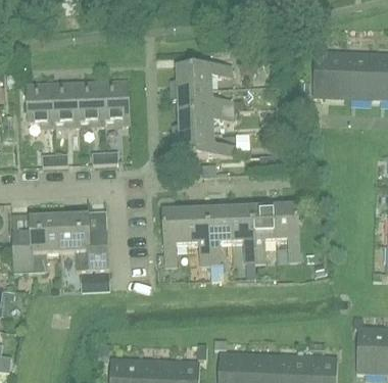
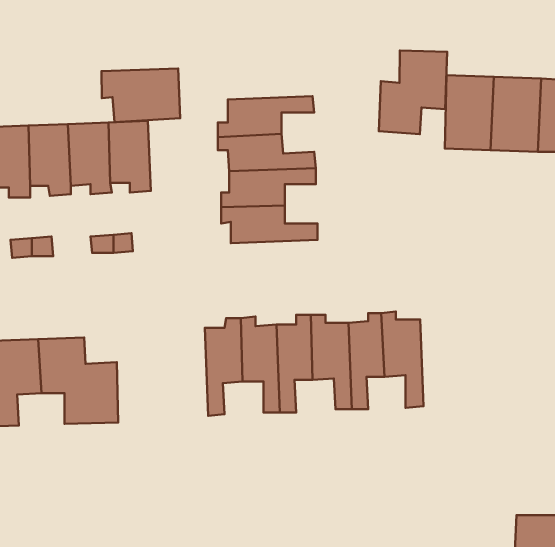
building: none -> [379,51,447,134]
building: none -> [101,68,180,122]

